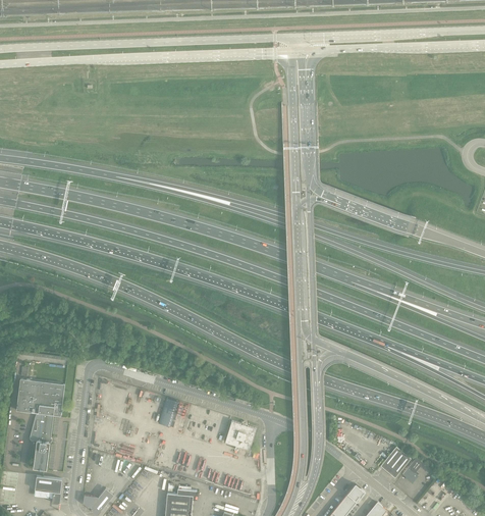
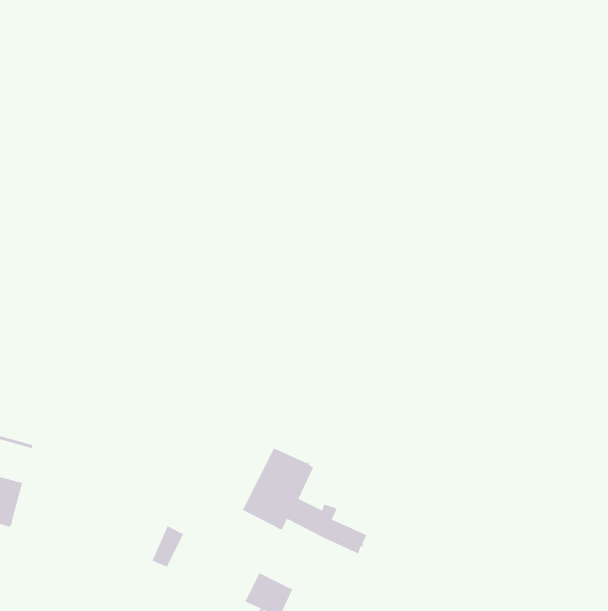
building: none -> [242,448,367,554]

